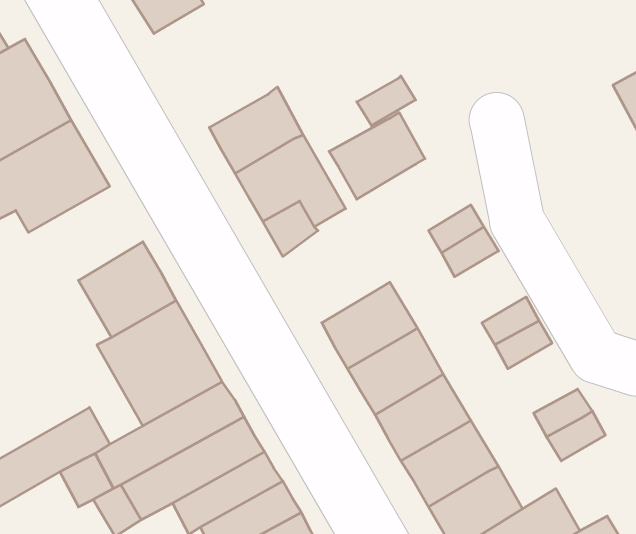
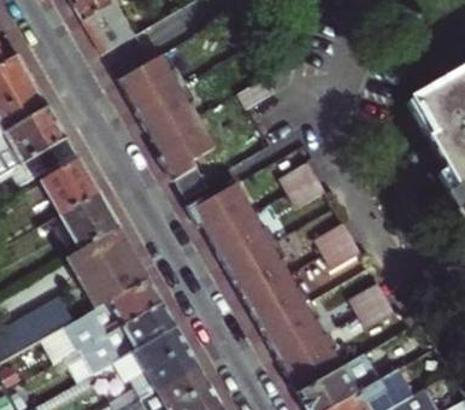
building: none -> [117,53,183,115]
building: [329,113,425,199] -> [194,186,257,242]
building: none -> [37,160,95,215]

